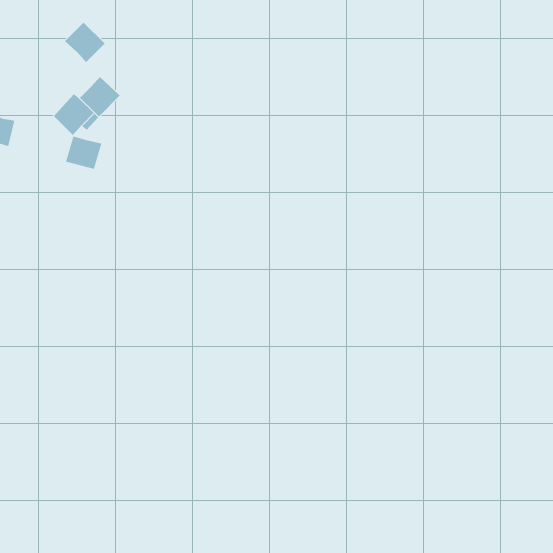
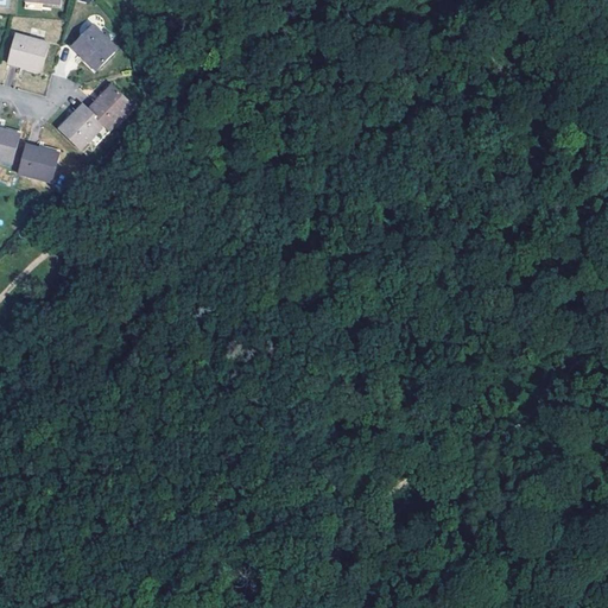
building: none -> [7,33,46,70]
building: [65,136,102,169] -> [17,142,57,179]

